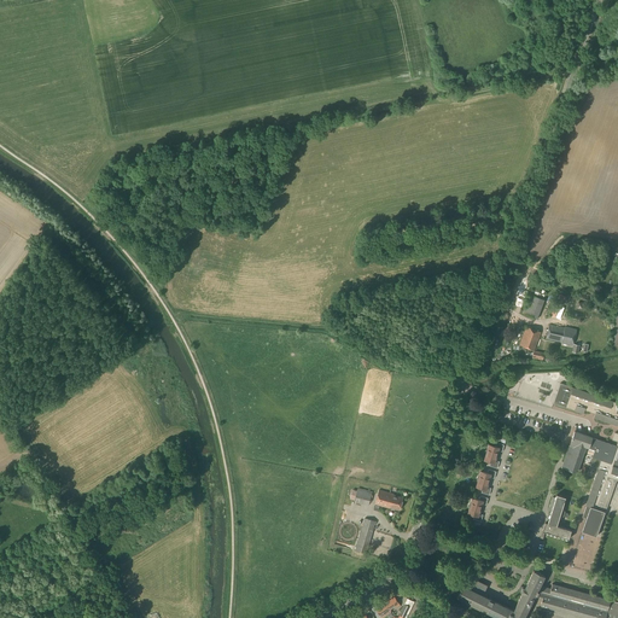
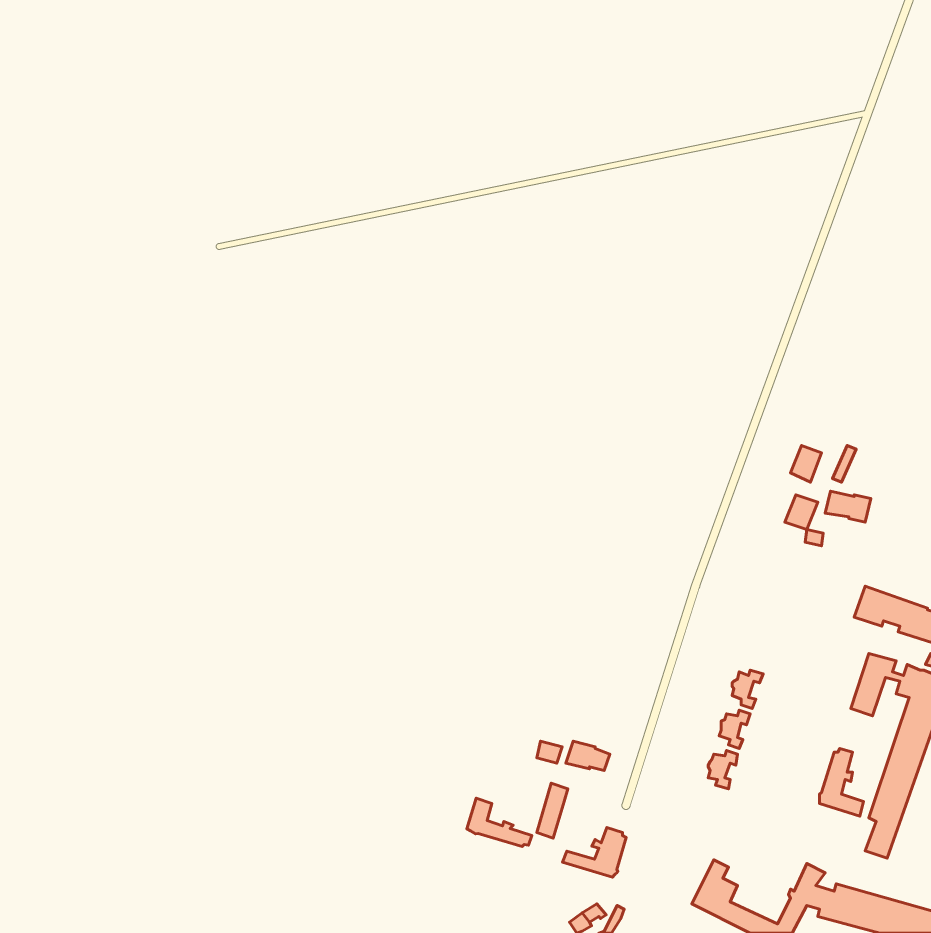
building: none -> [467,798,532,847]
building: none -> [562,827,626,877]

